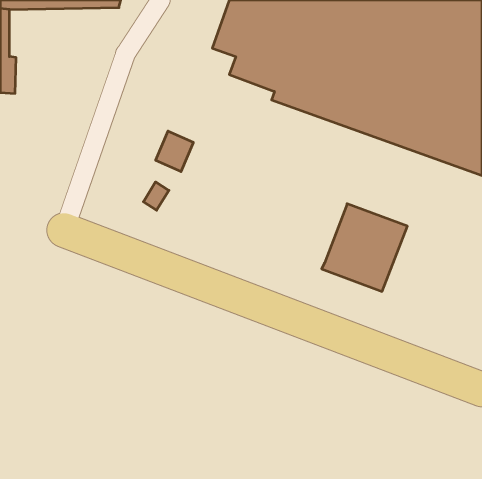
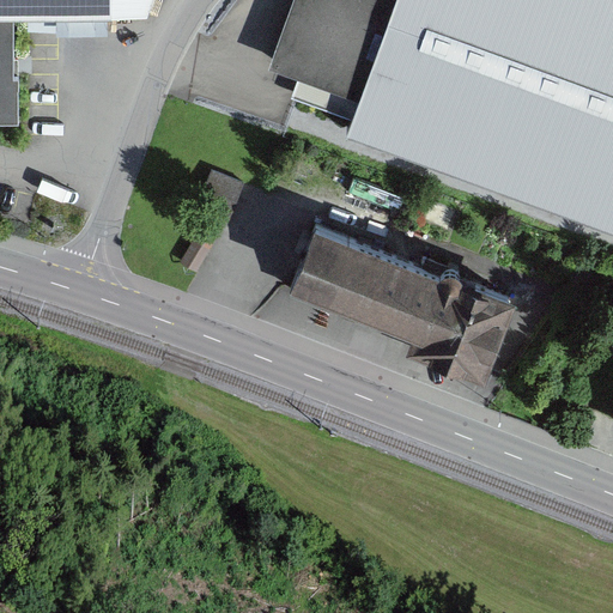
building: none -> [290,214,441,338]

